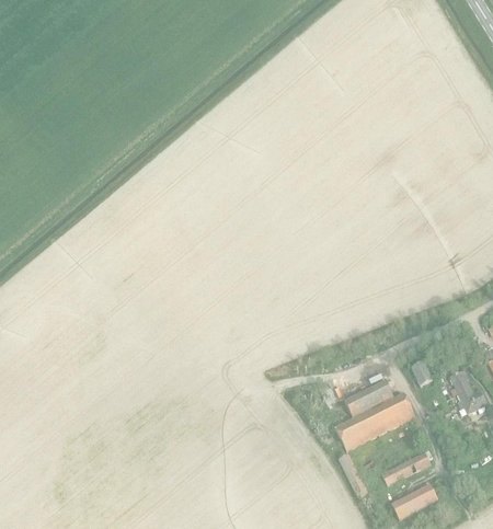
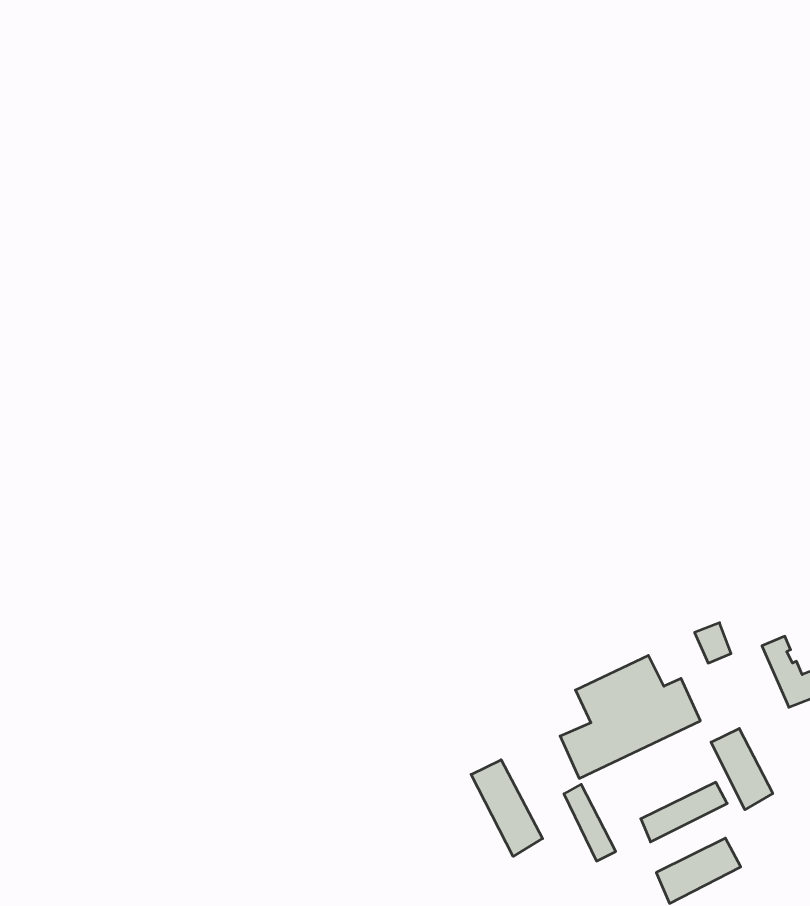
building: none -> [711,728,773,810]
building: none -> [471,760,543,856]

